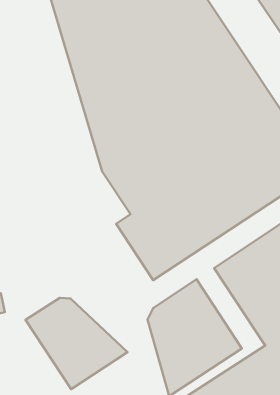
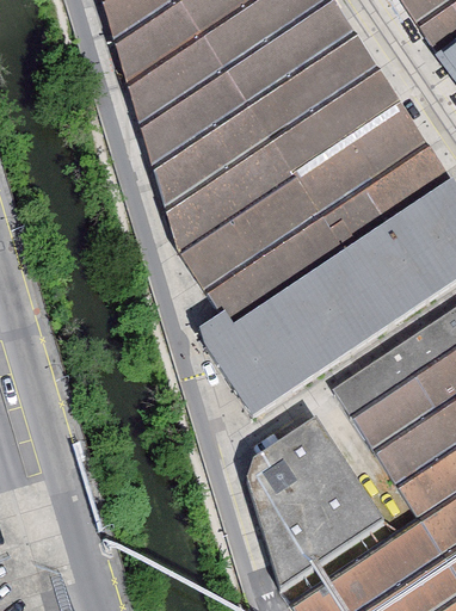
building: [26,298,128,389] -> none

